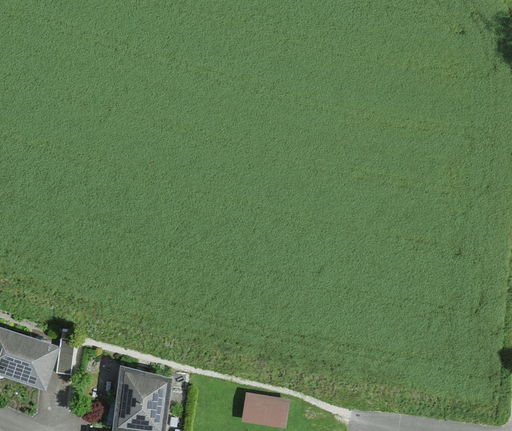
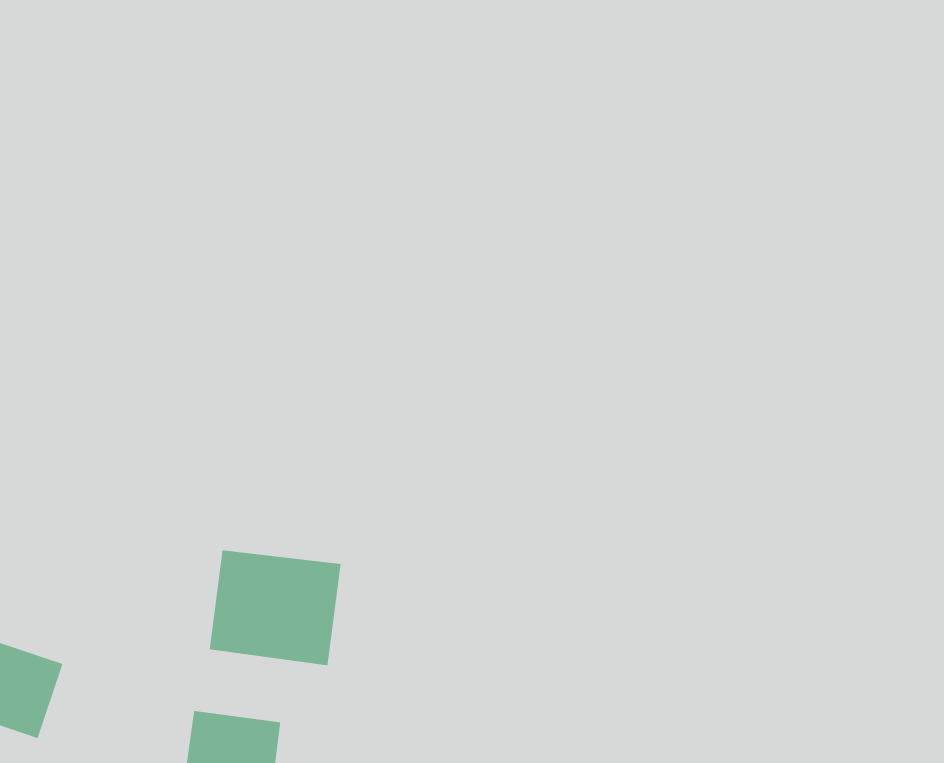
building: none -> [209,550,341,666]

